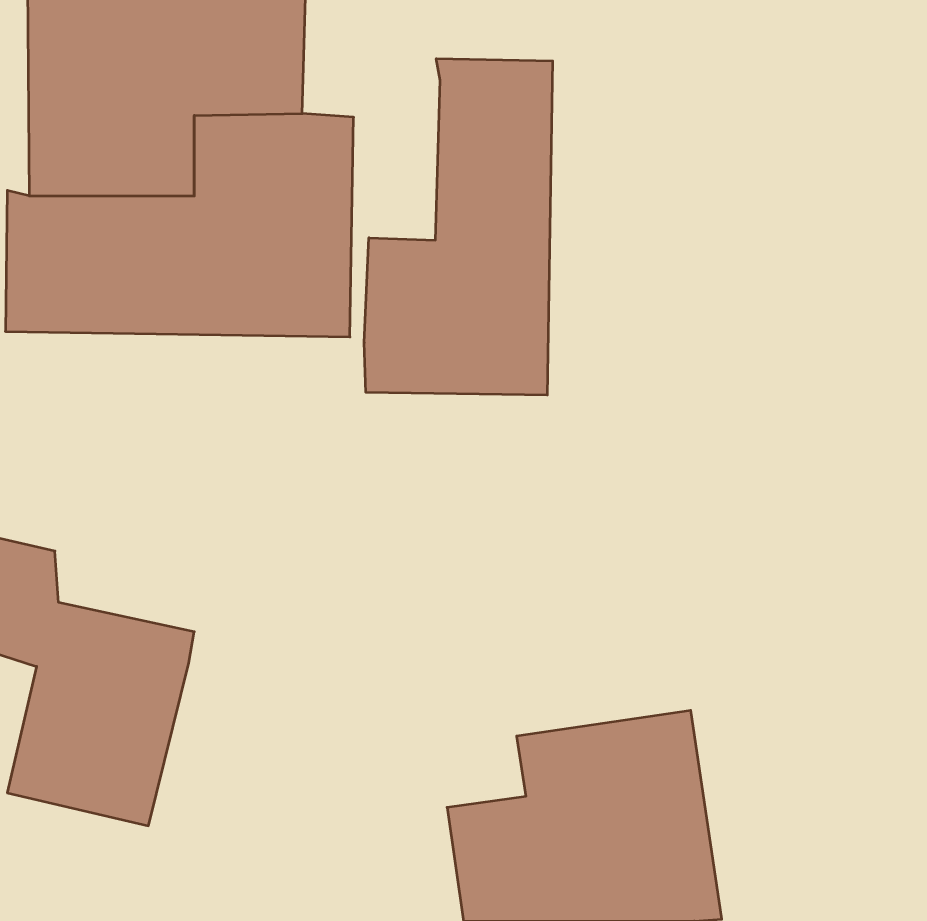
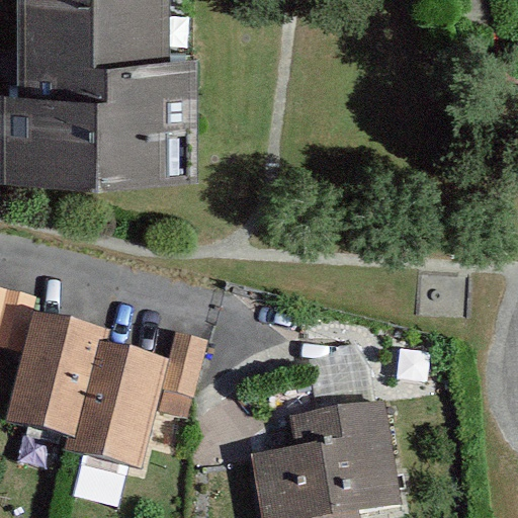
building: [364,59,553,395] -> none
building: none -> [78,343,204,489]

